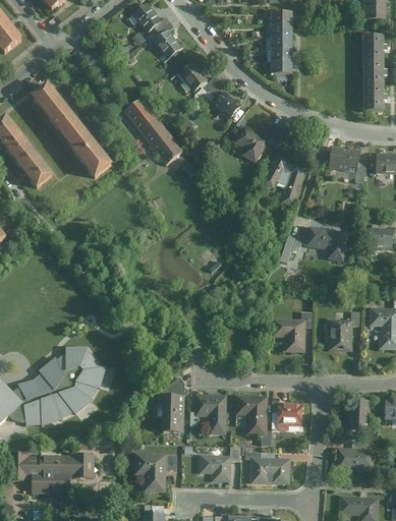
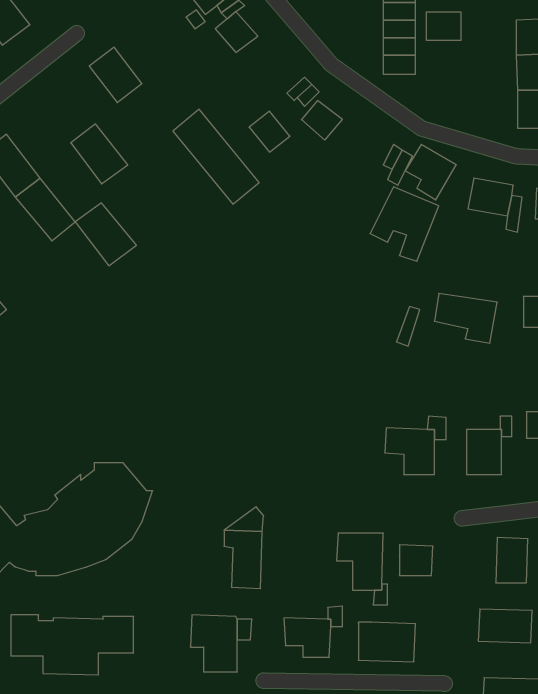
building: none -> [427,12,461,40]
building: [177,62,206,91] -> [249,111,290,152]
building: [32,83,68,122] -> [89,47,142,103]
building: [232,125,268,164] -> [405,144,456,200]
building: [72,137,115,181] -> [75,203,136,266]
building: [195,392,227,432] -> none

